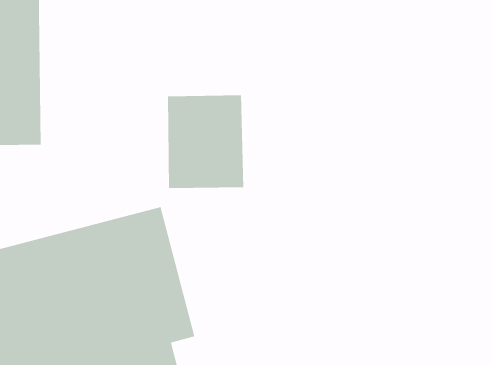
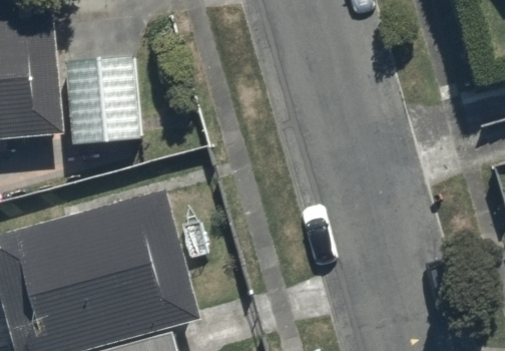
building: [167,95,244,189] -> [68,52,140,140]

